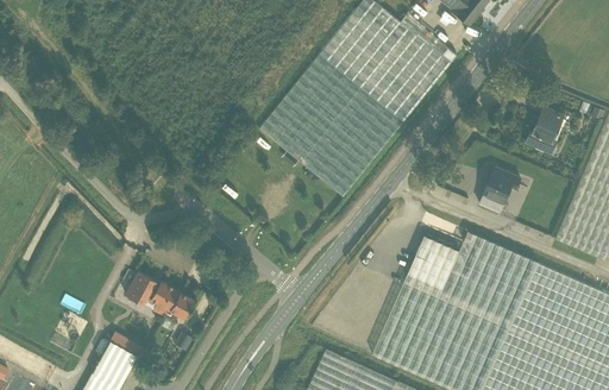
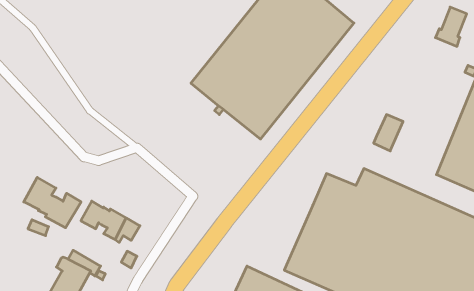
building: [525,105,563,152] -> [435,7,467,46]
building: none -> [24,177,81,228]

